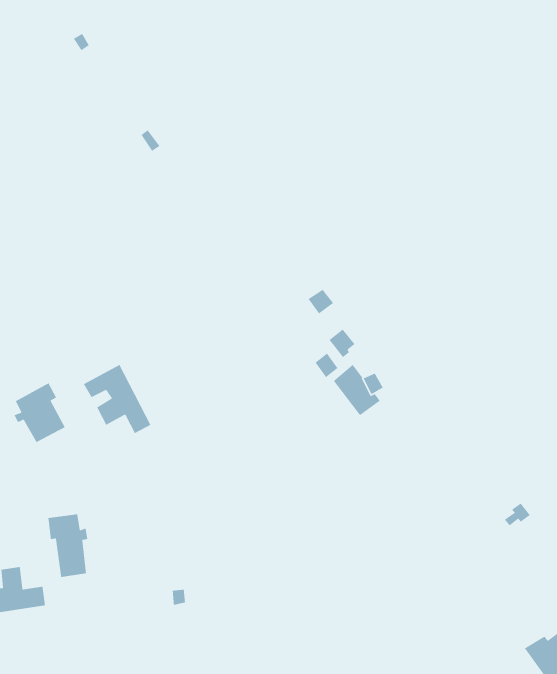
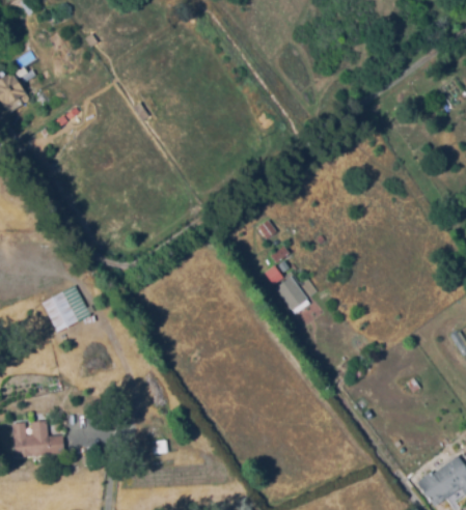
building: [83,364,152,434] -> none
building: [47,513,88,578] -> none

